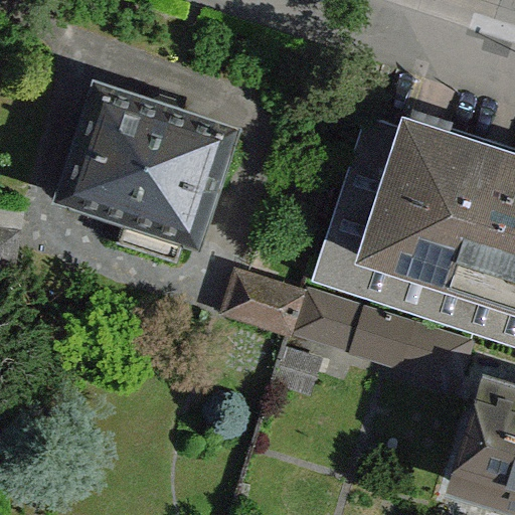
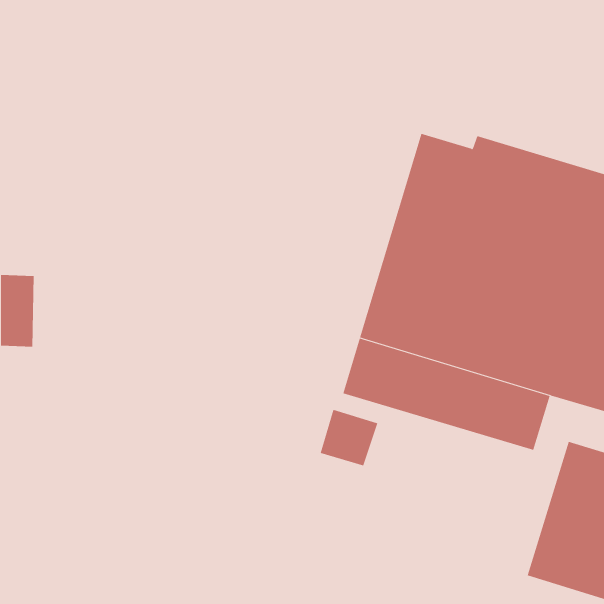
building: [56,83,238,248] -> none
building: [222,268,307,336] -> none

